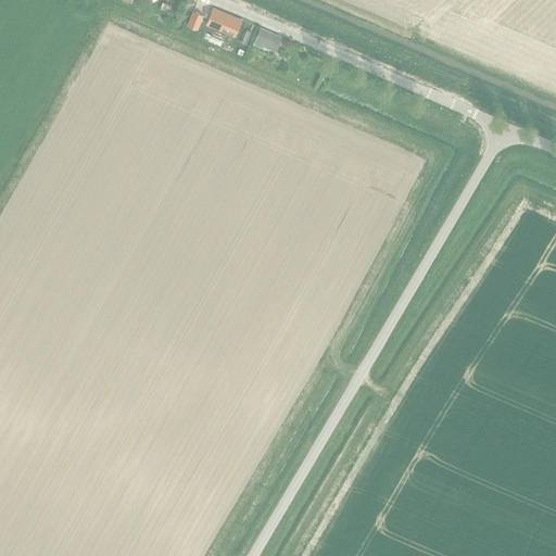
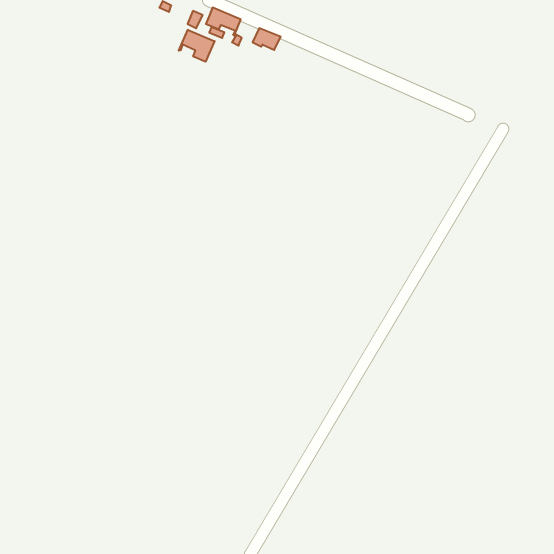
building: none -> [179,30,215,62]

